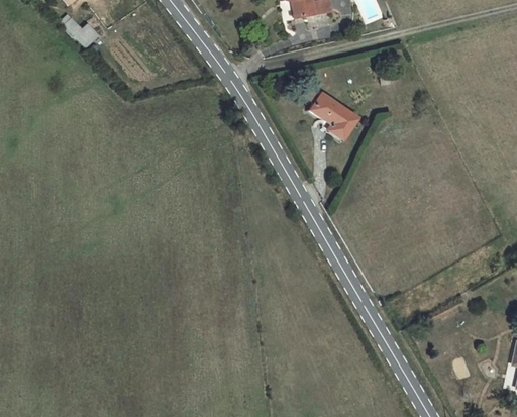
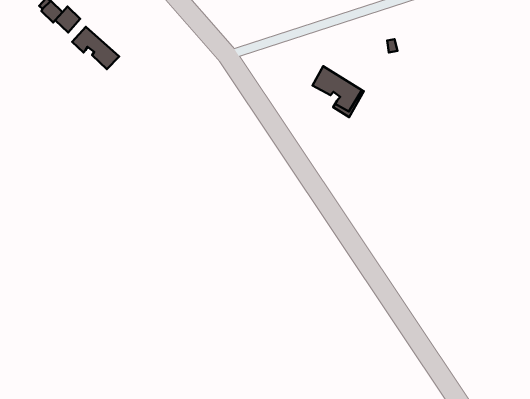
building: none -> [72,27,119,69]

